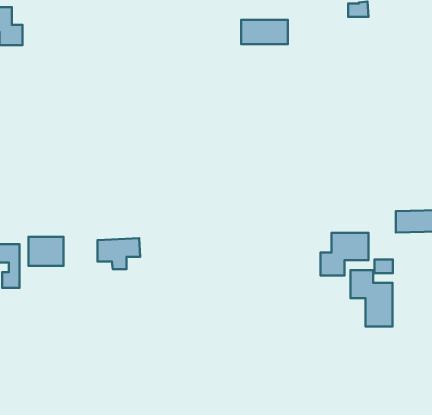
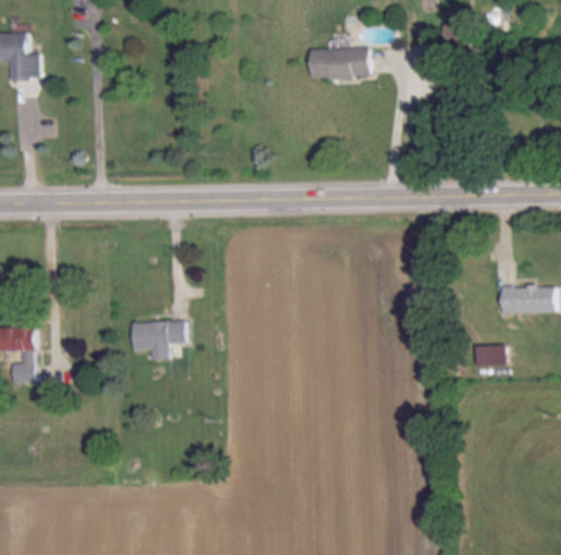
building: [321,233,369,276] -> none
building: [28,237,63,266] -> none
building: [351,270,392,326] -> none

